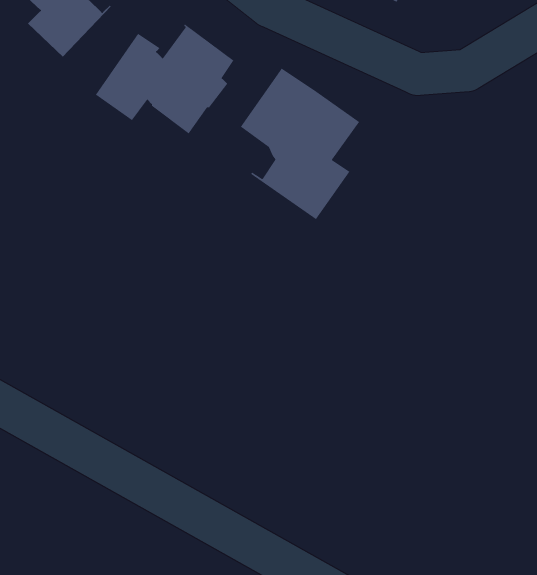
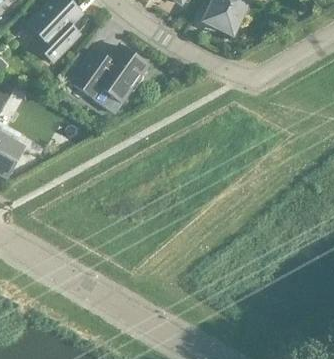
building: [240,68,360,220] -> none

